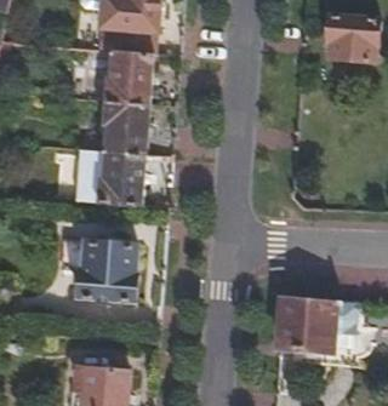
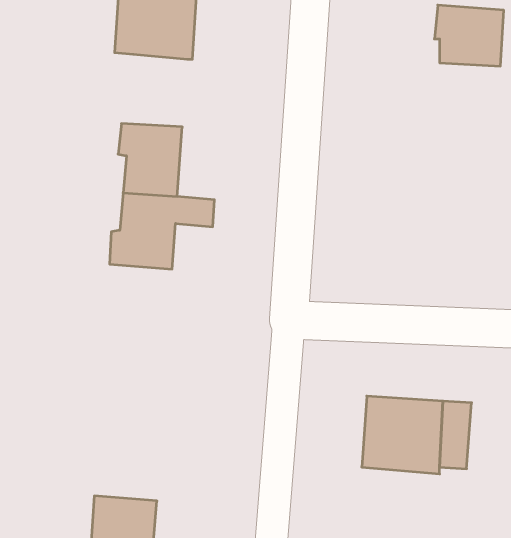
building: [103,52,150,104] -> none
building: [80,241,137,301] -> none

